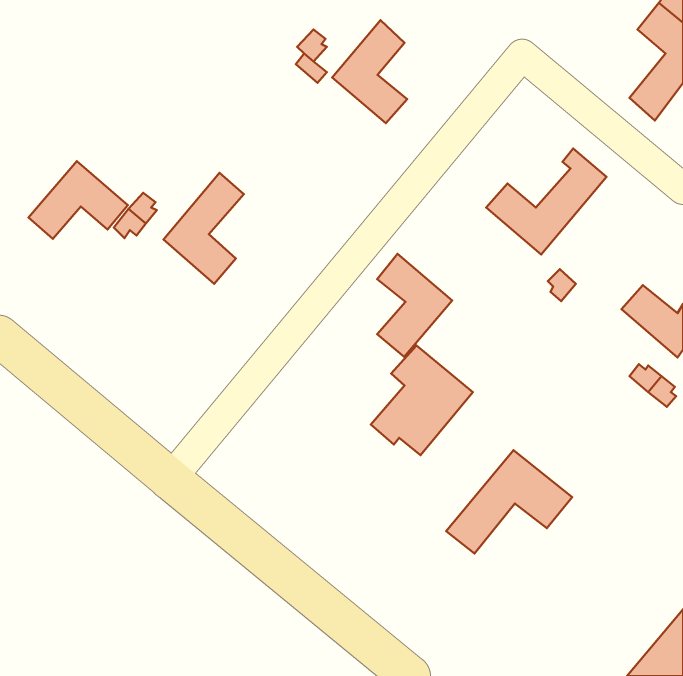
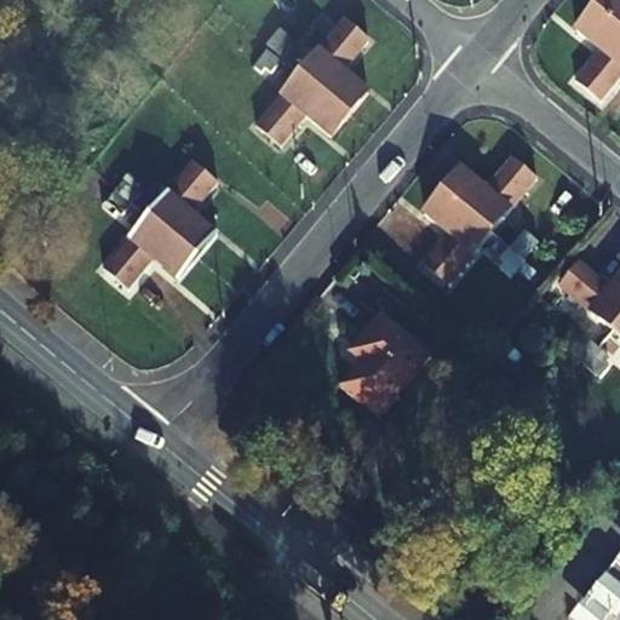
building: none -> [257,70,349,142]
building: [29,161,128,239] -> [104,217,194,287]
building: [377,254,452,357] -> [421,188,489,281]
building: [446,450,572,553] -> none

